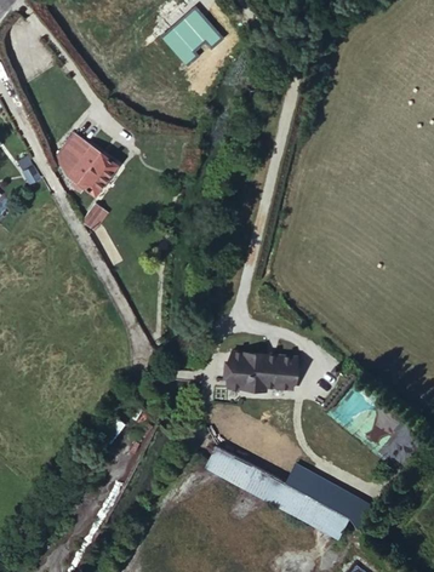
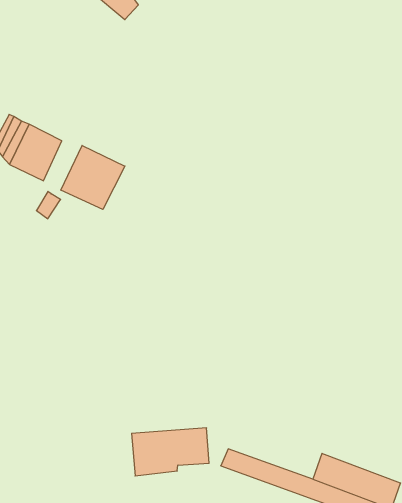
building: none -> [61,145,125,209]
building: [232,354,298,391] -> [132,428,209,476]

